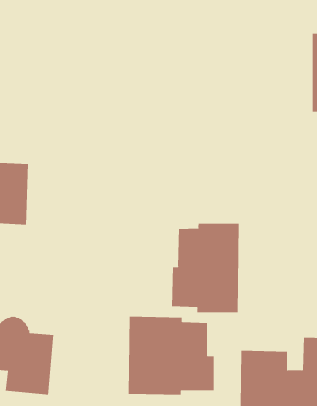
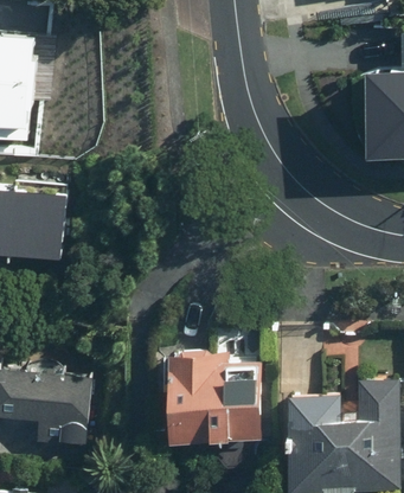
building: [172,223,239,313] -> none

